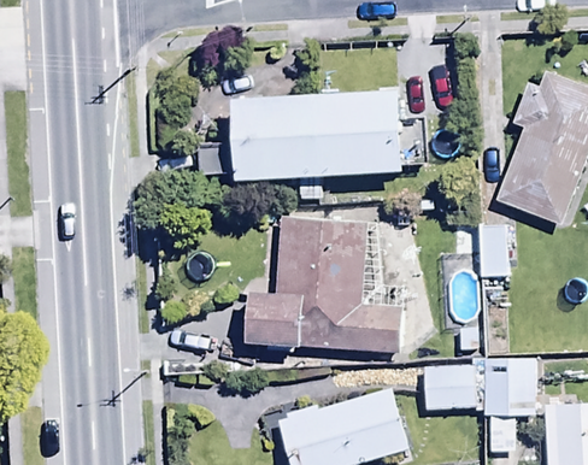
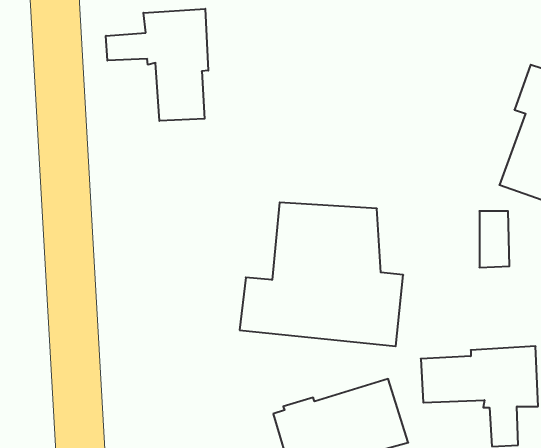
building: none -> [106,9,208,121]
building: [199,89,427,178] -> none

